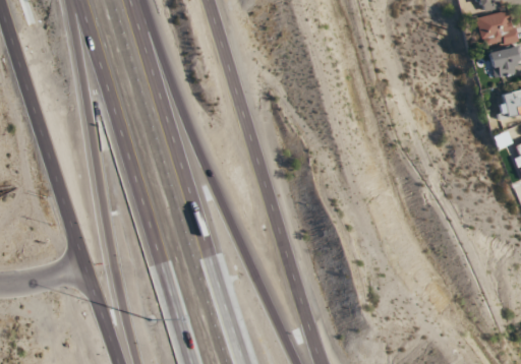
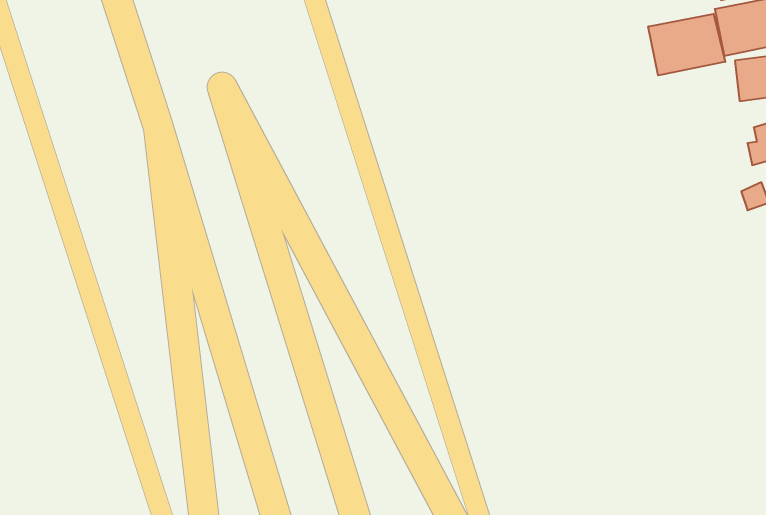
building: none -> [648,14,725,75]

